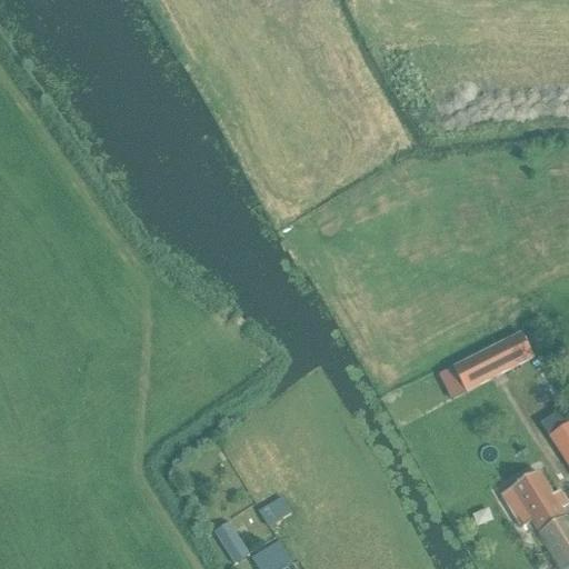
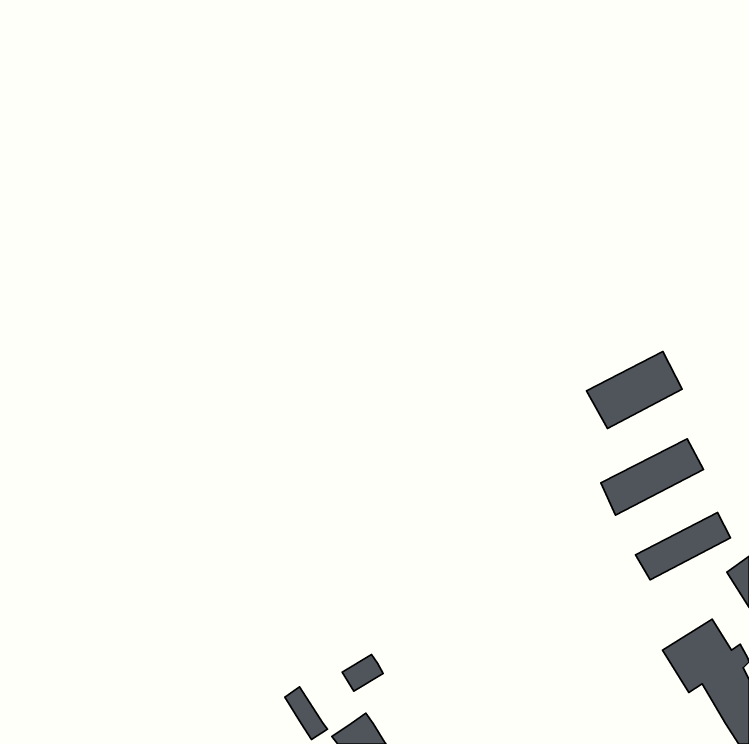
building: none -> [586,352,682,429]
building: none -> [635,512,730,580]

